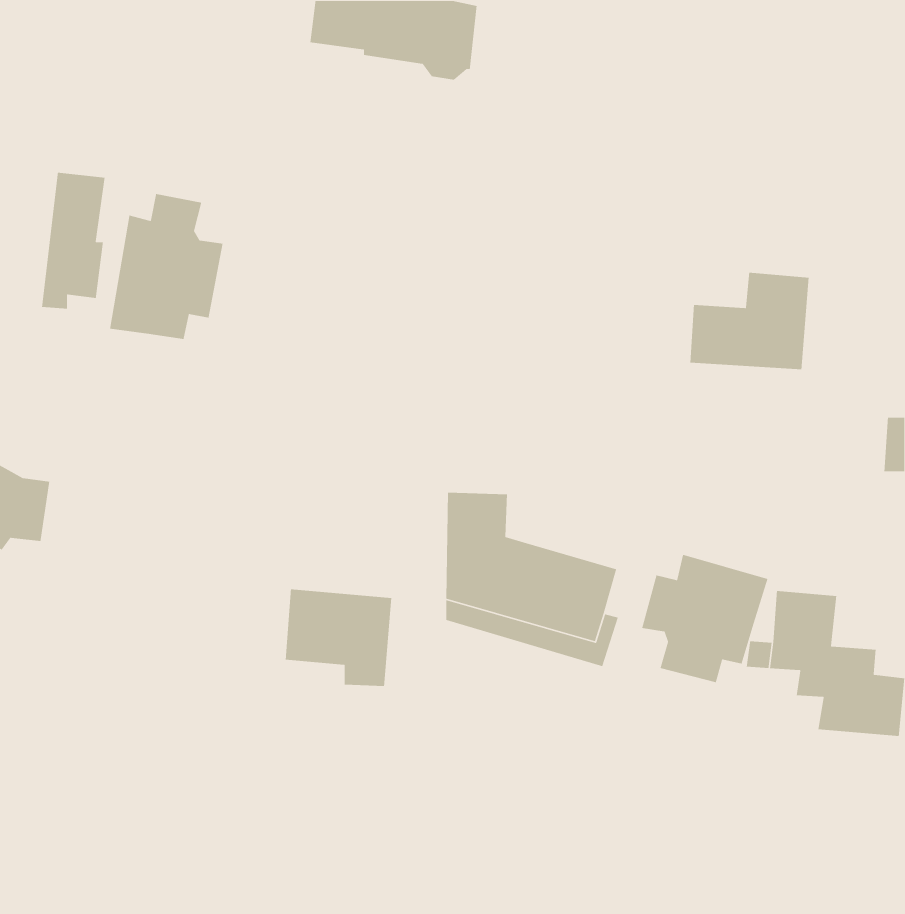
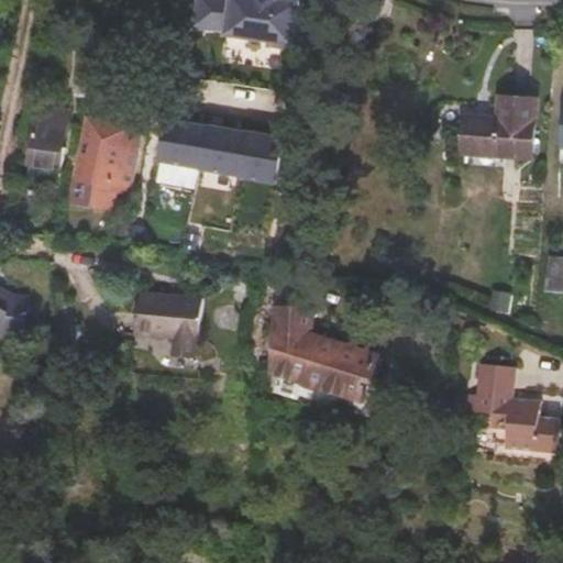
building: none -> [157,117,284,180]
building: [690,272,809,370] -> [460,97,533,157]
building: [641,554,768,683] -> none
building: [285,589,392,687] -> [135,291,201,352]

